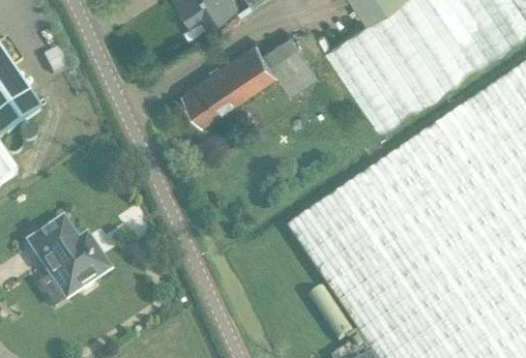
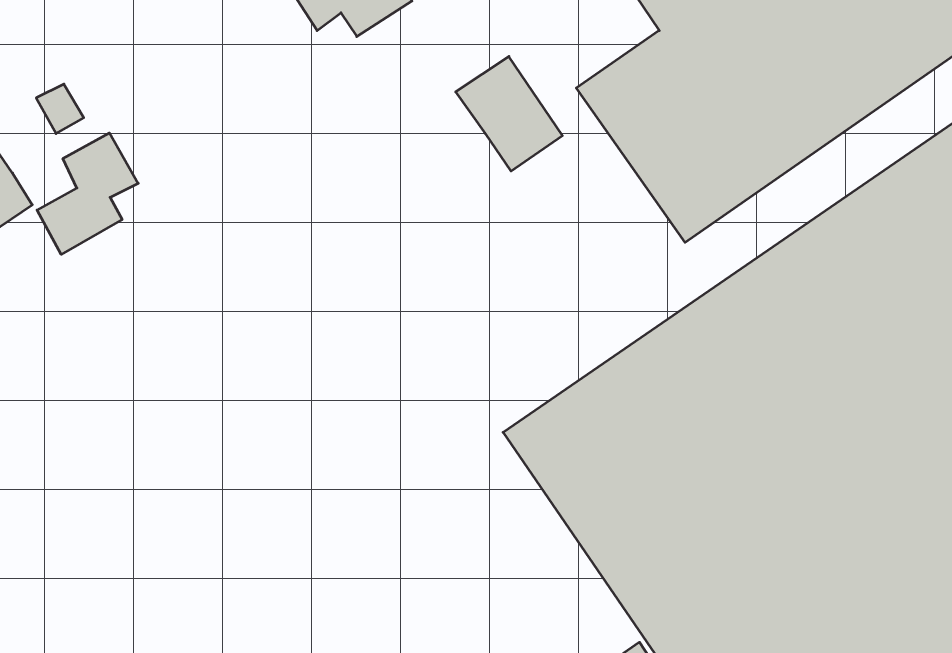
building: [182,44,277,126] -> none
building: none -> [37,133,138,254]
building: [29,223,108,306] -> none

